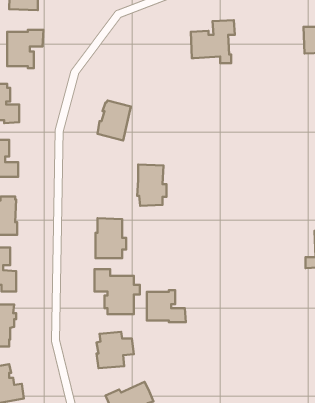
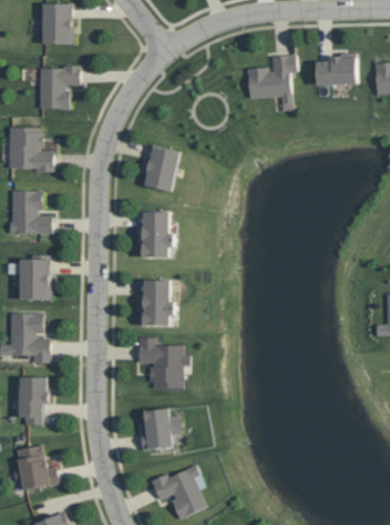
building: none -> [316,54,356,85]
building: [137,165,167,206] -> [138,211,172,258]
building: [147,290,186,322] -> none

